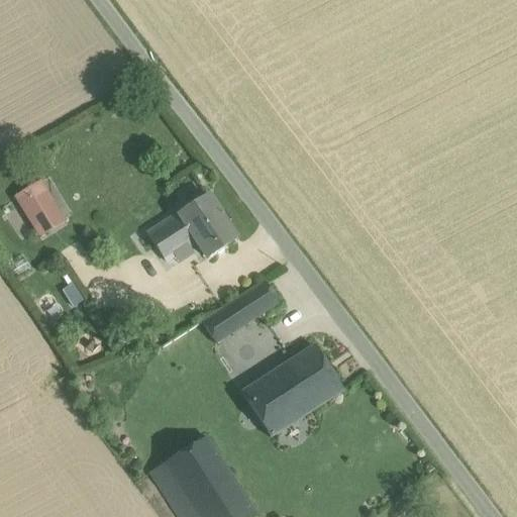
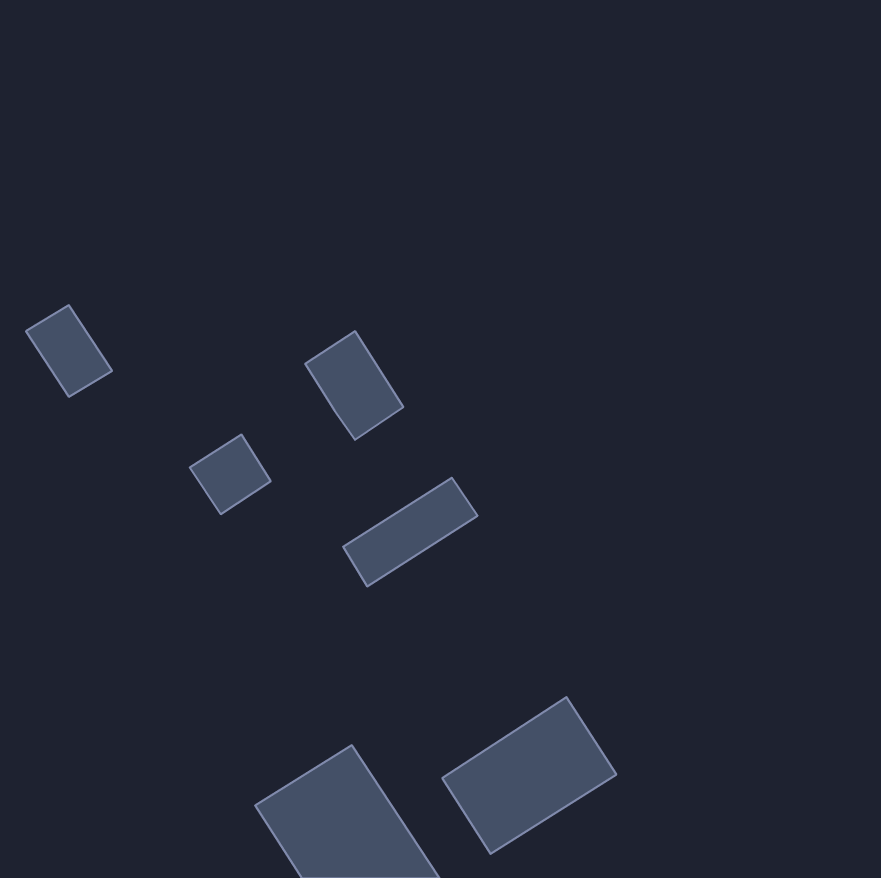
building: [148,213,196,260] -> [190,435,271,514]
building: [241,344,343,436] -> [442,697,616,854]

